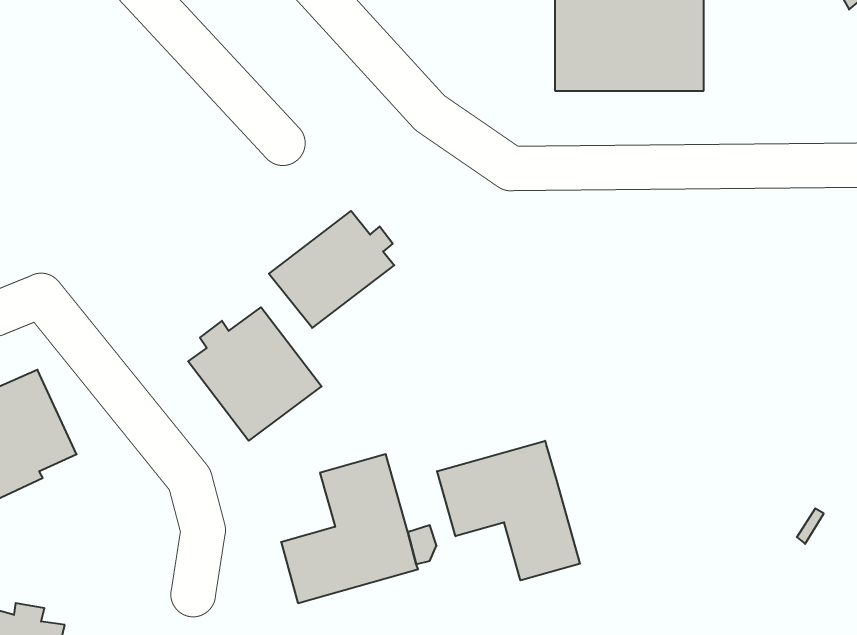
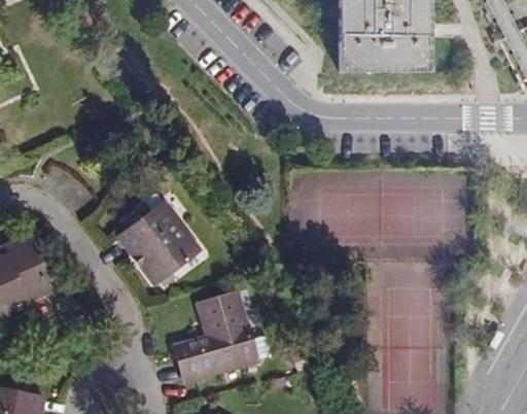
building: [269,211,394,328] -> none
building: [437,441,580,580] -> none

